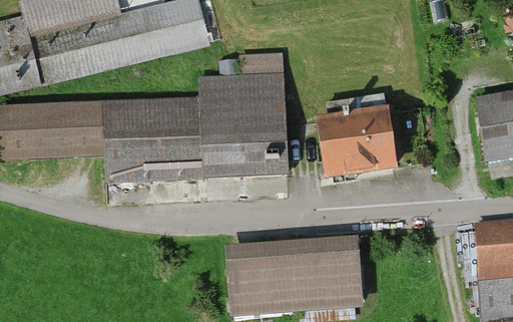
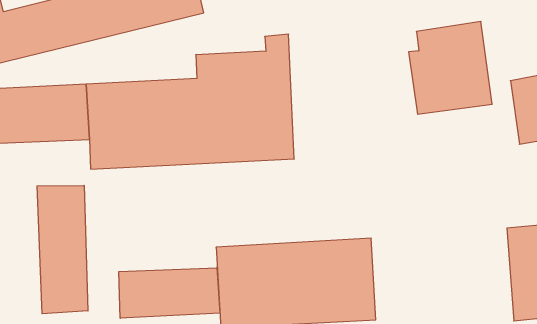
building: [321,91,395,174] -> [409,21,492,114]
building: none -> [37,185,88,314]
building: none -> [119,268,220,318]

